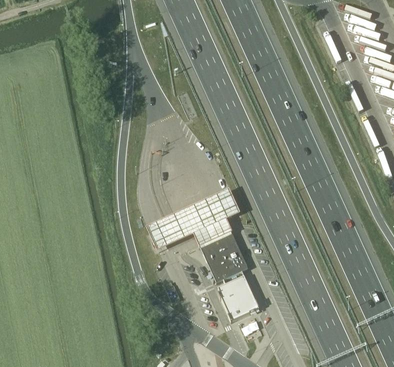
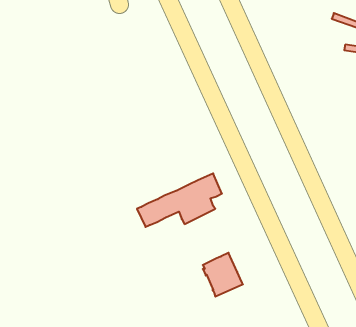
building: [198,229,248,284] -> none

